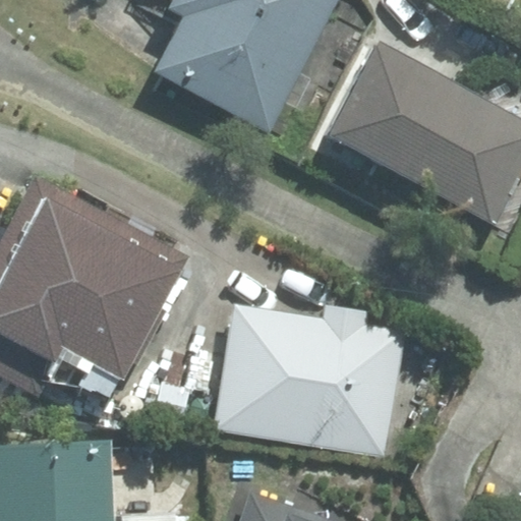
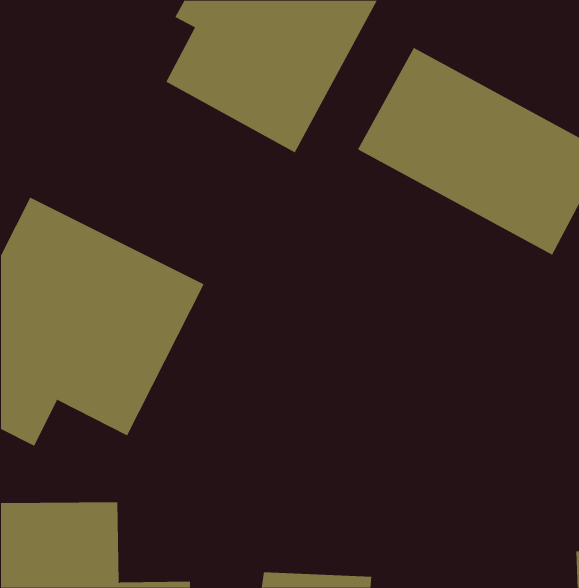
building: [216,307,405,452] -> none

